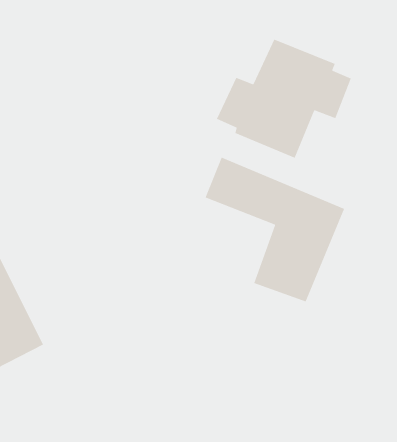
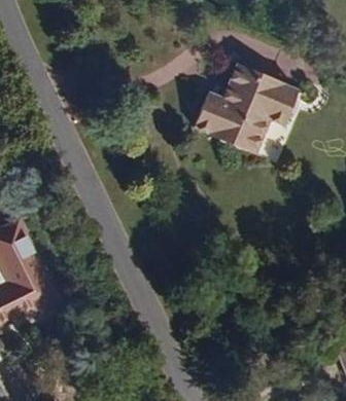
building: [204,157,345,303] -> none

